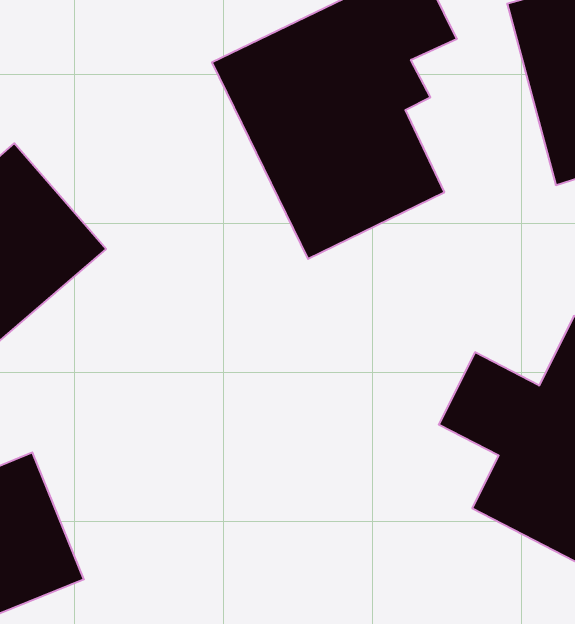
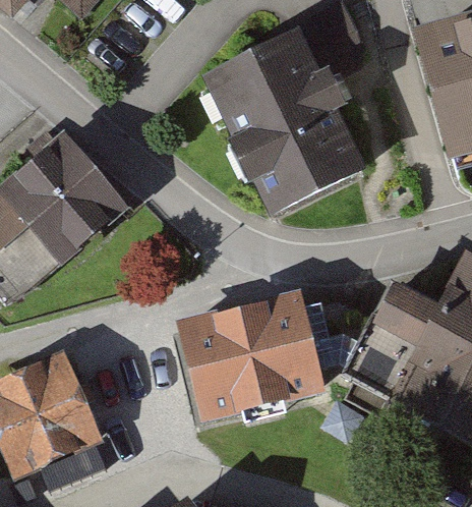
building: none -> [175,294,320,420]

